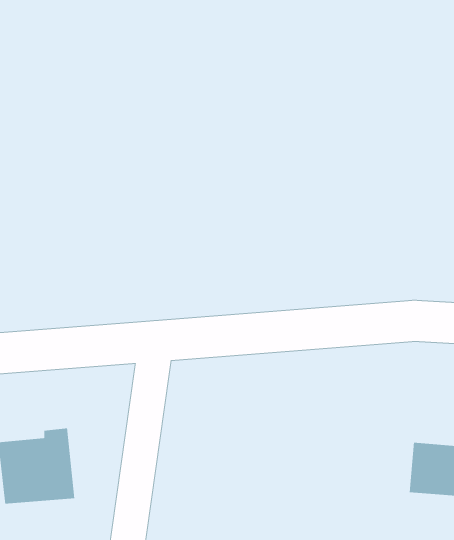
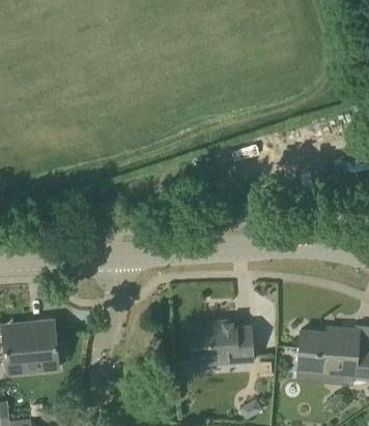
building: none -> [191,321,254,363]

